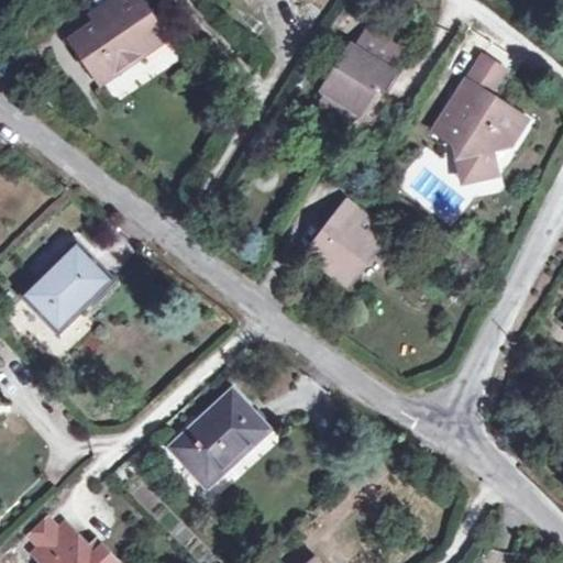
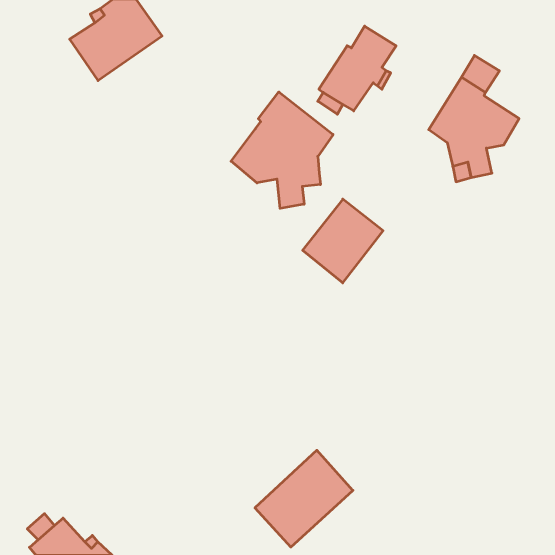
building: none -> [231,92,333,208]
building: [21,242,112,333] -> none
building: [169,389,268,487] -> [255,450,353,547]

